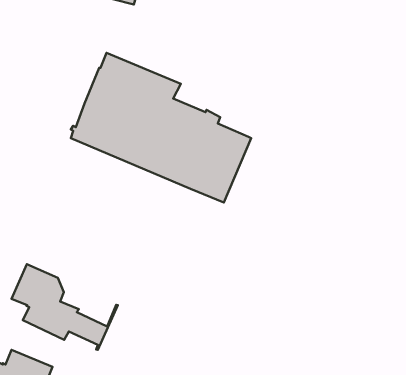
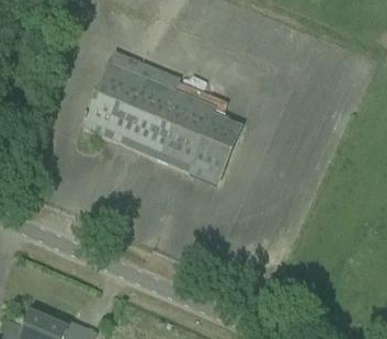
building: [11,264,118,350] -> none

